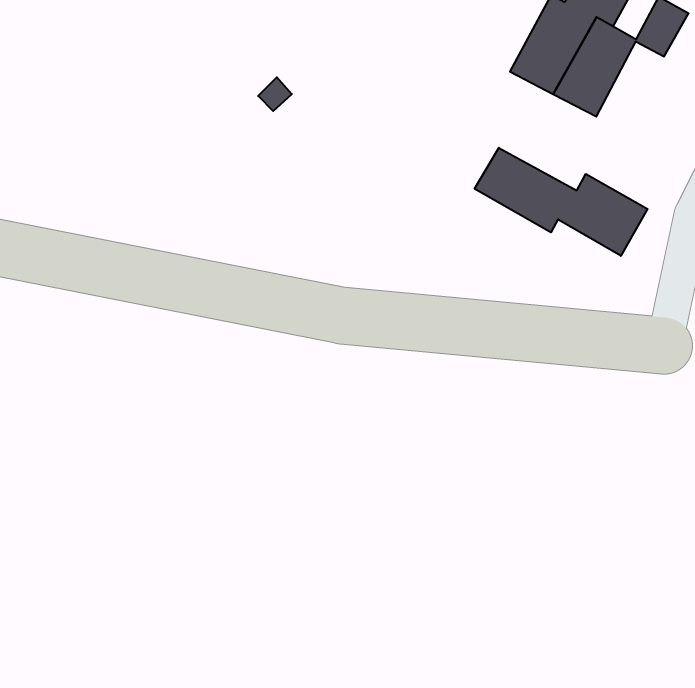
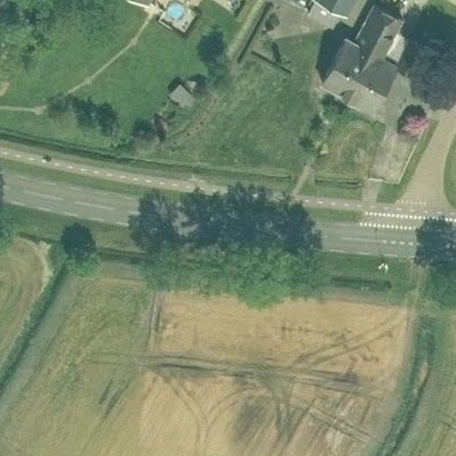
building: [475,148,648,256] -> none

